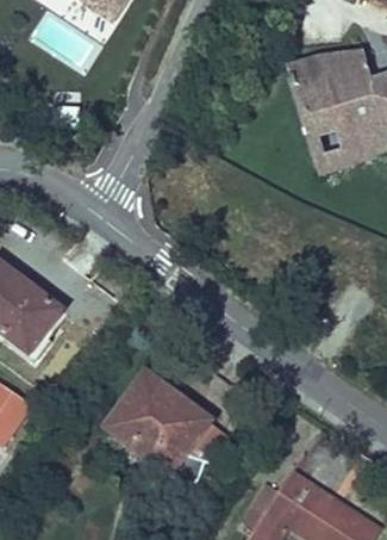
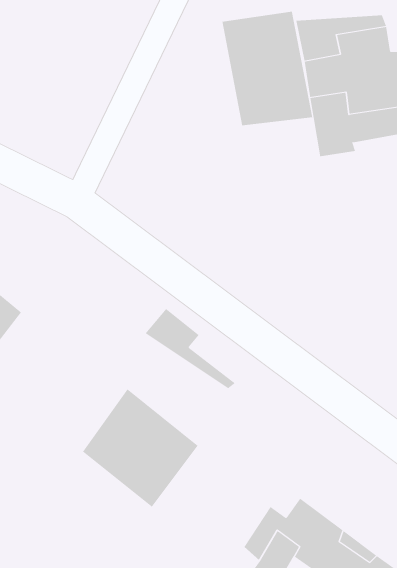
building: none -> [222,11,313,126]
building: none -> [145,308,236,389]

